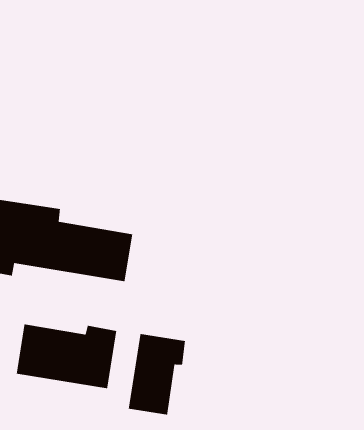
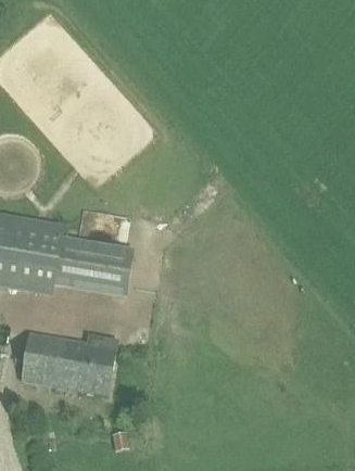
building: [128,333,186,416] -> none

